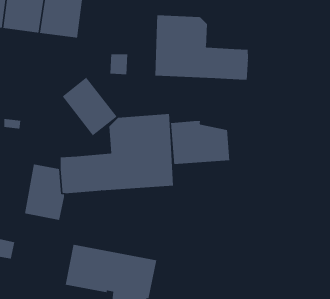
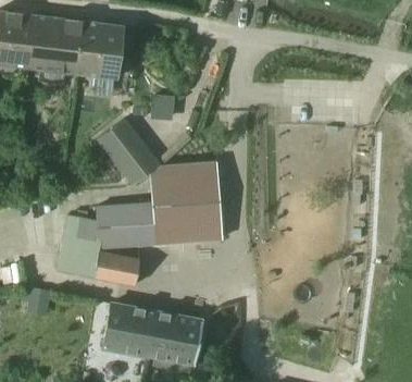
building: [155,14,248,80] -> none
building: [170,120,230,165] -> none
building: none -> [97,251,139,286]

